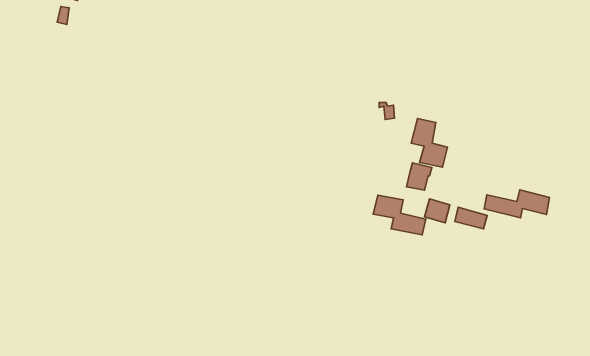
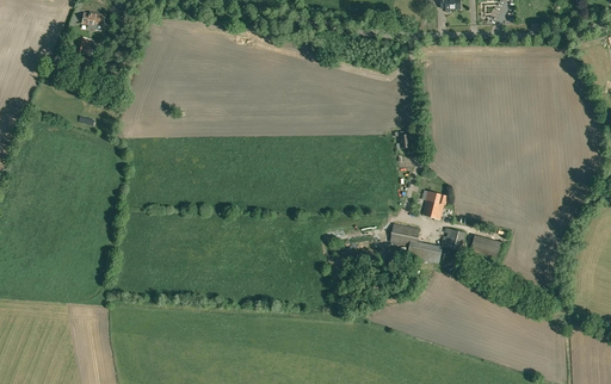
building: [411,118,448,167] -> none
building: [484,190,549,218] -> none

